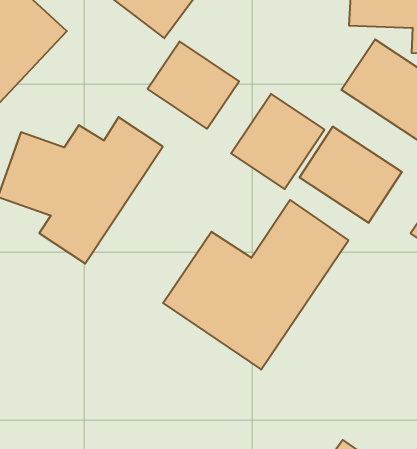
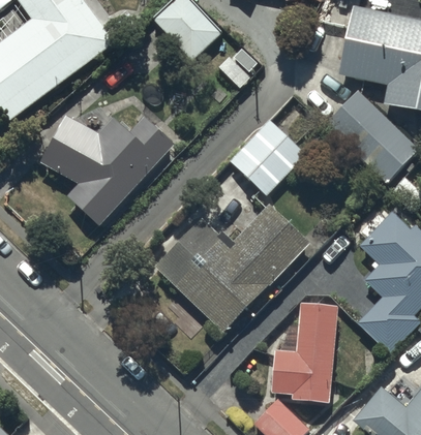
building: [148,41,239,129] -> none
building: [300,126,402,223] -> none
building: none -> [272,305,337,404]

